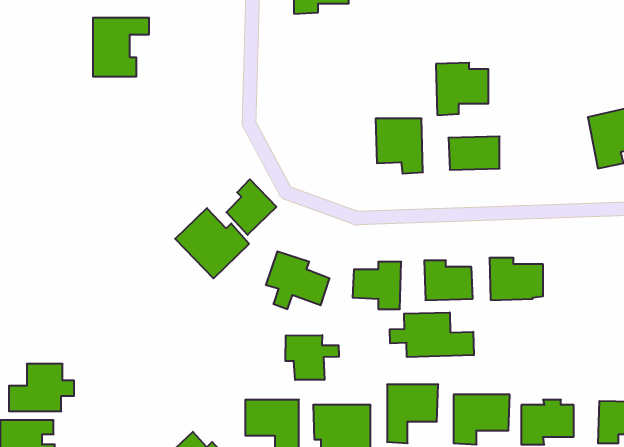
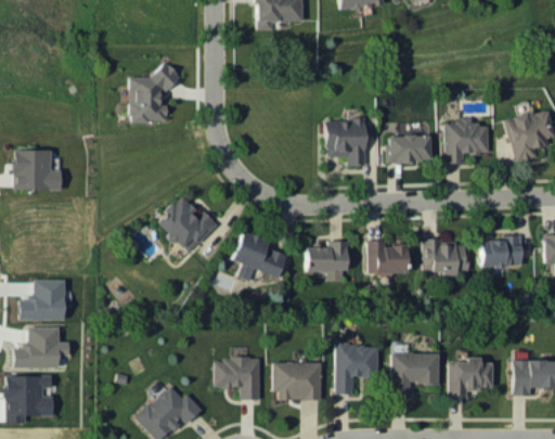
building: [93,18,149,77] -> [130,72,178,121]
building: [436,63,488,115] -> [444,119,489,164]
building: none -> [13,150,61,190]
building: [226,179,276,235] -> none
building: none -> [480,237,521,267]
building: none -> [20,280,65,320]
building: [390,312,474,357] -> none
building: [285,335,339,380] -> none

